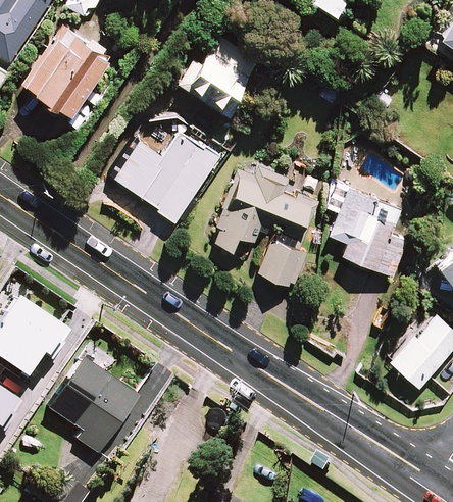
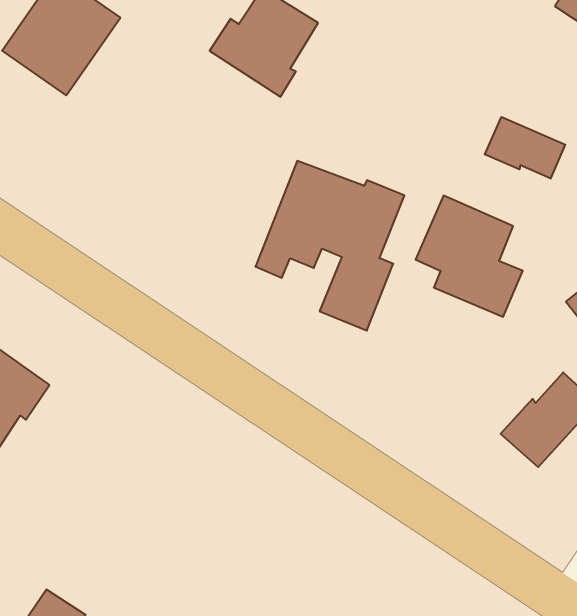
building: none -> [485,117,565,179]
building: [116,133,218,223] -> none
building: [48,361,137,457] -> none

